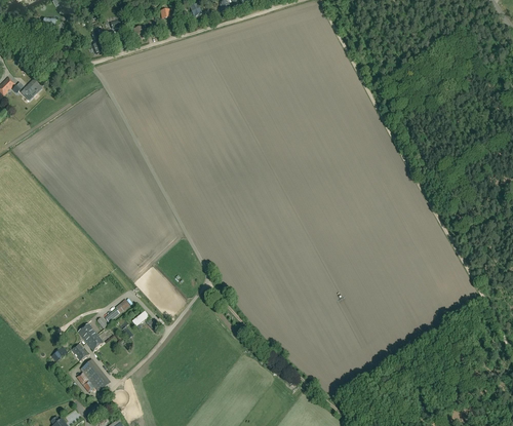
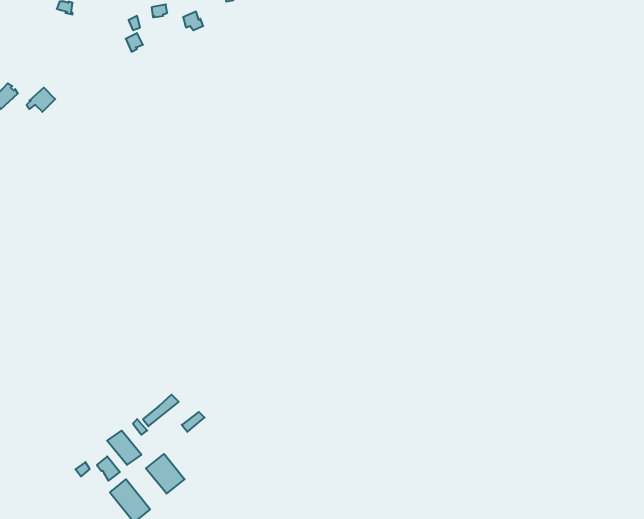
building: none -> [146,454,185,494]

